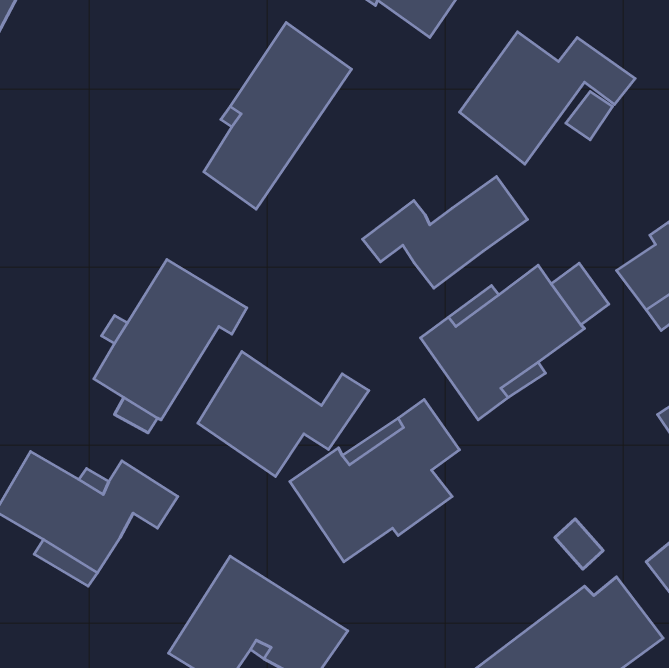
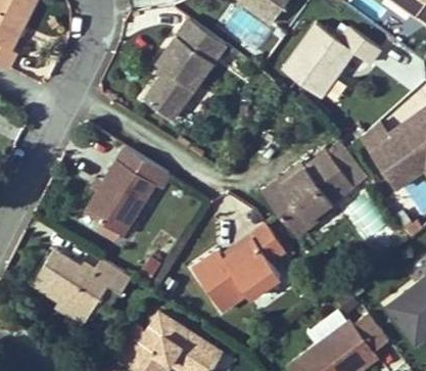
building: [363,177,527,288] -> none
building: [198,351,369,476] -> none

